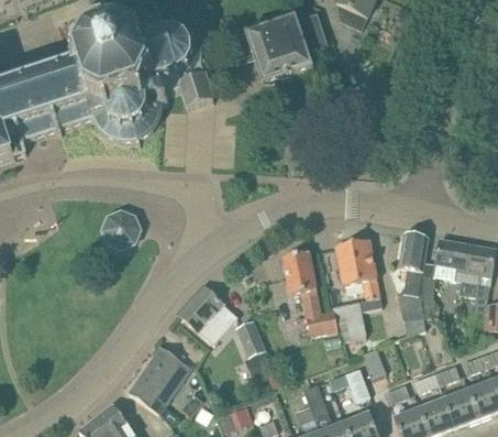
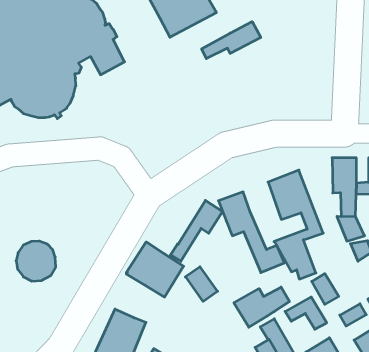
building: none -> [202,22,261,59]
building: [102,209,142,250] -> [16,241,56,281]
building: none -> [170,200,223,261]
building: none -> [234,287,289,327]

